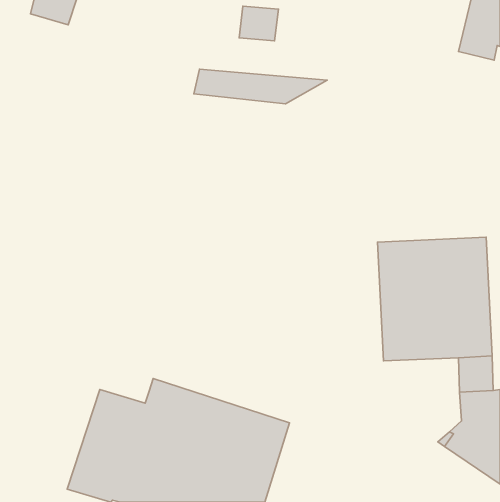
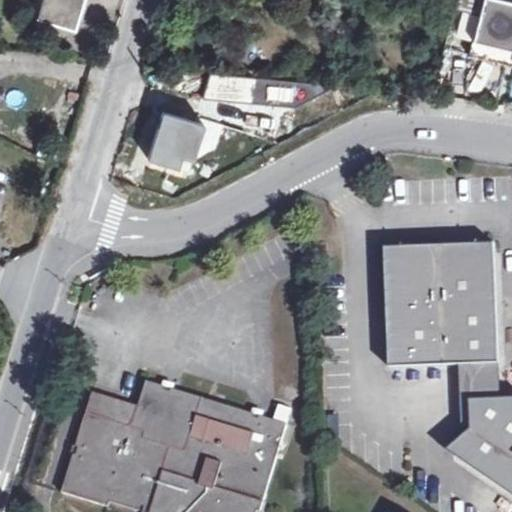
building: [239,6,278,41] -> none
building: none -> [142,109,199,169]

